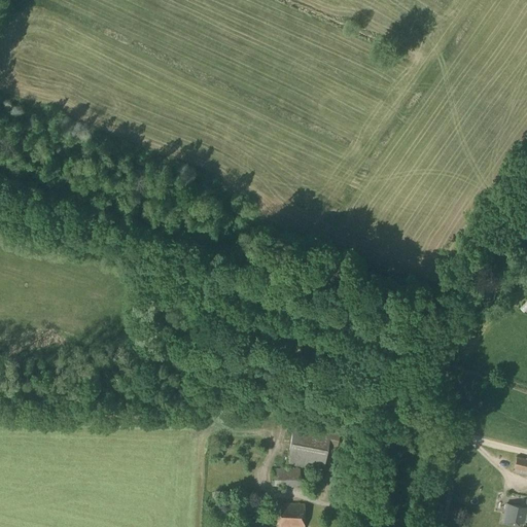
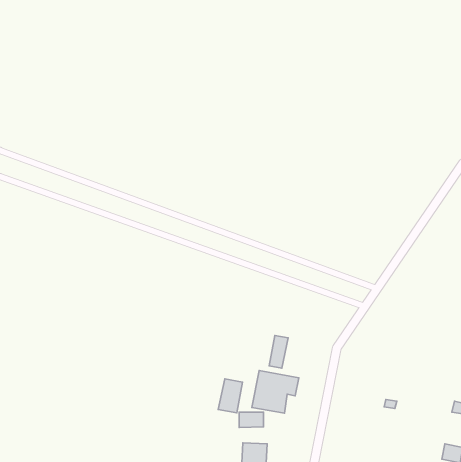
building: none -> [269,335,288,368]
building: none -> [218,379,242,413]

